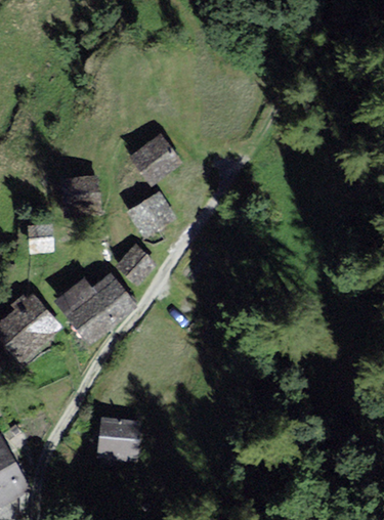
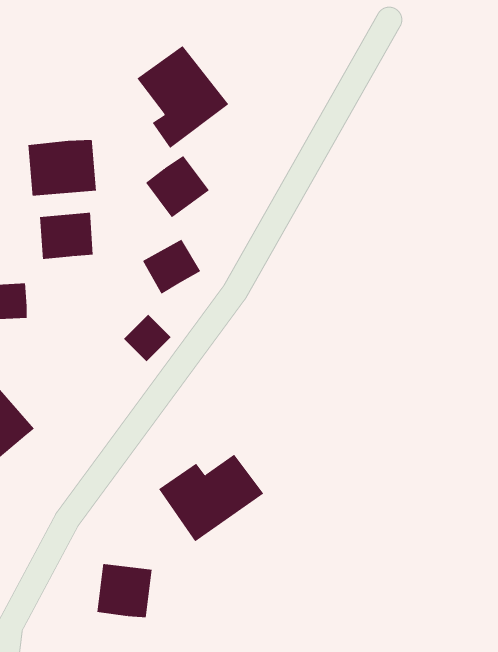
building: none -> [137,45,229,149]
building: none -> [28,139,97,197]
building: [58,274,132,336] -> [158,454,264,542]

